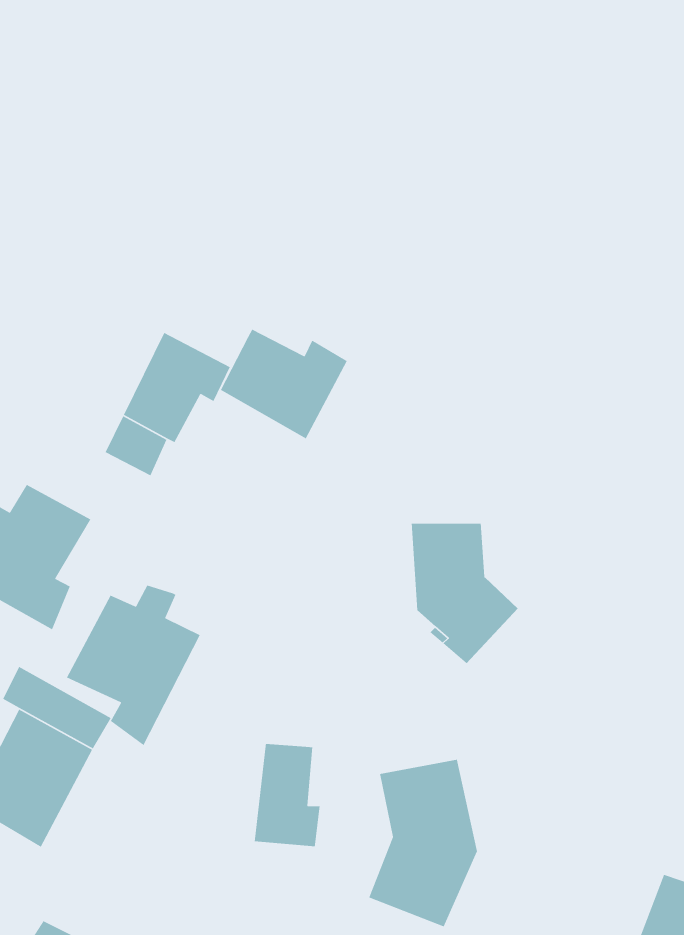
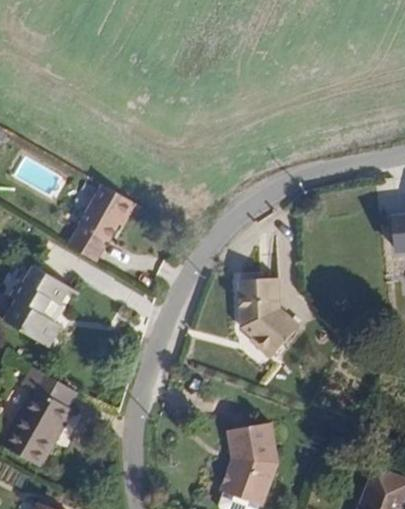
building: [220,328,348,440] -> none
building: [66,584,201,746] -> none
building: [254,743,320,847] -> none

